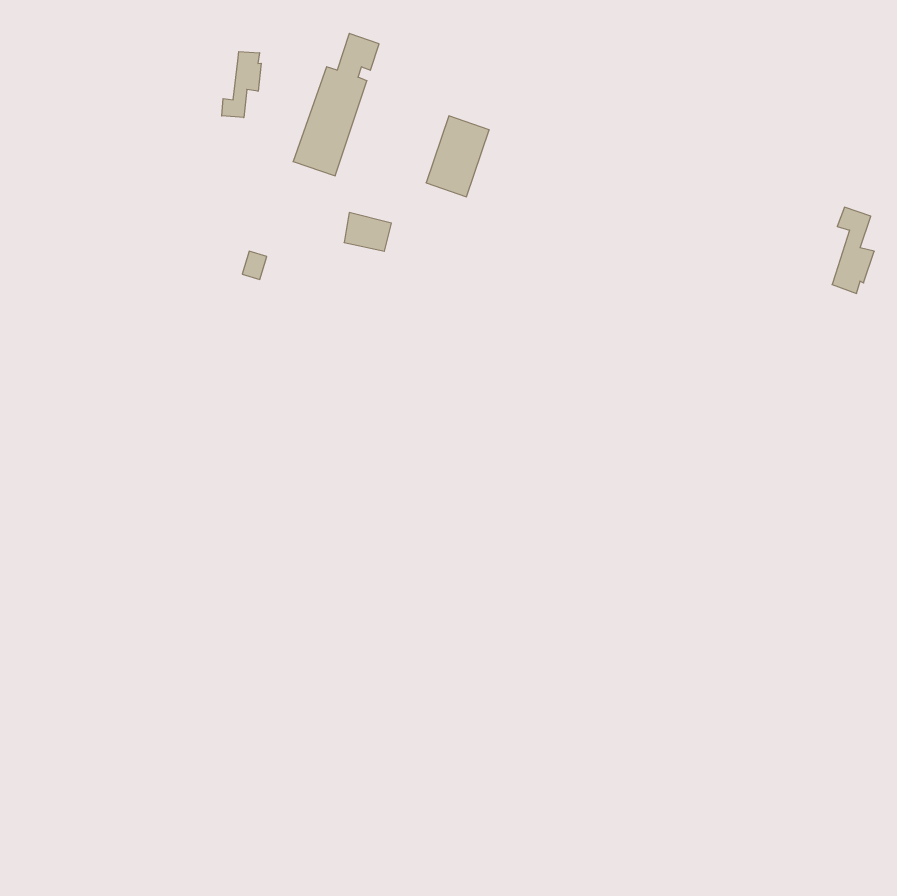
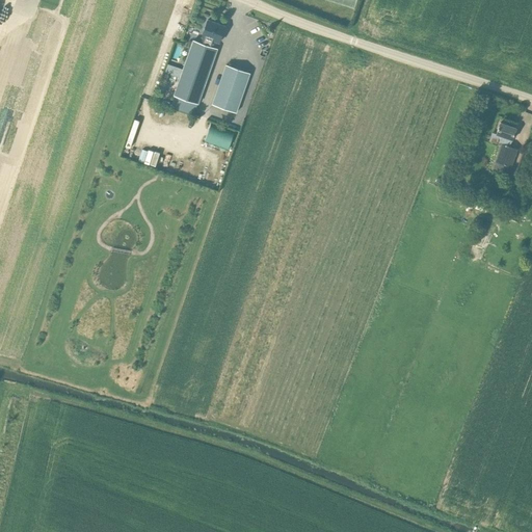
building: [222,52,261,118] -> none
building: [426,116,489,197] -> [212,65,249,113]

